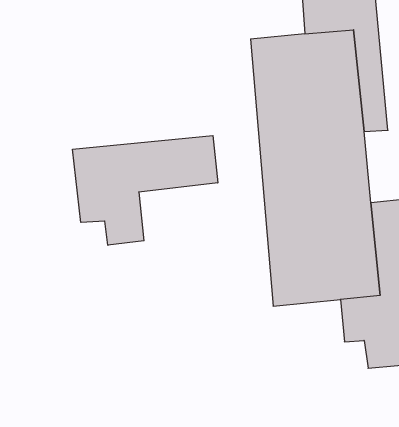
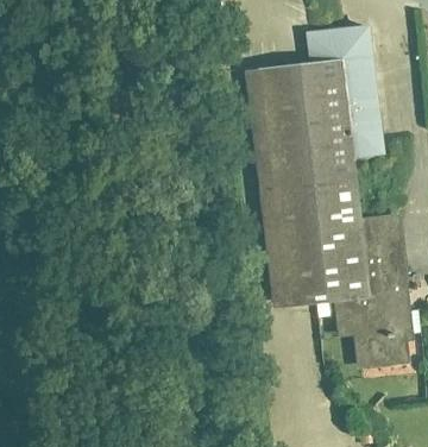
building: [73,136,218,245] -> none

